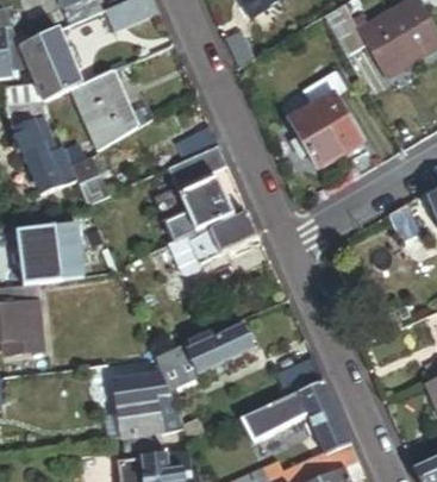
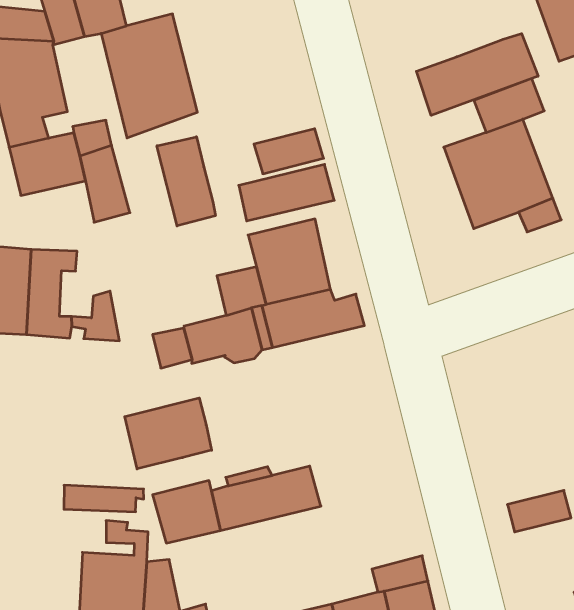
building: none -> [416,34,538,115]
building: none -> [157,137,215,226]
building: none -> [125,398,212,469]

